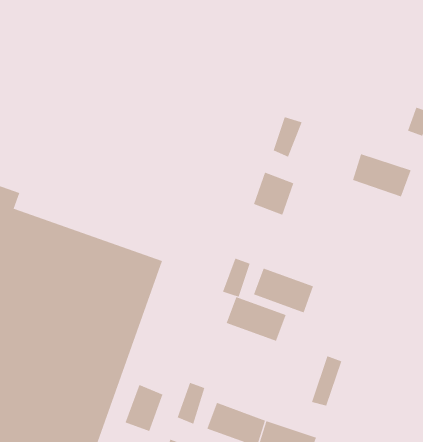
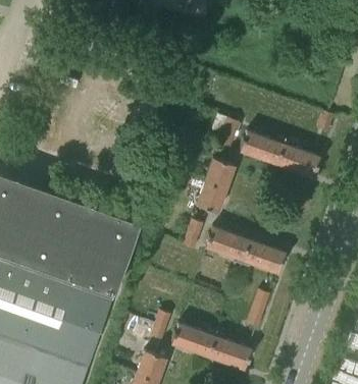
building: none -> [240,130,283,163]
building: none -> [197,180,226,212]
building: [226,296,287,342] -> [242,239,286,272]
building: [125,384,163,432] -> none

